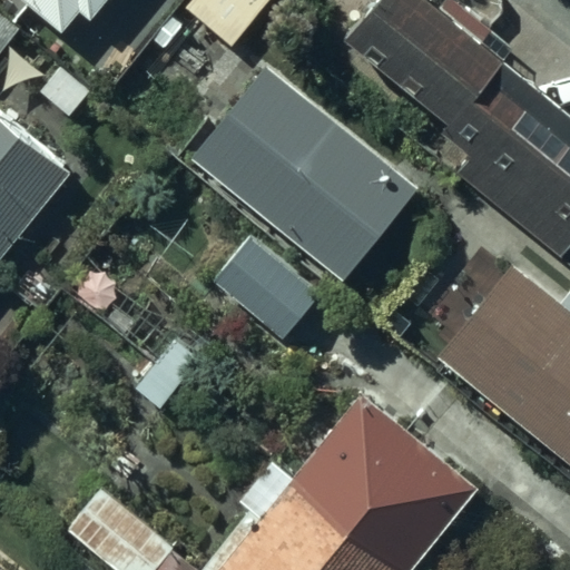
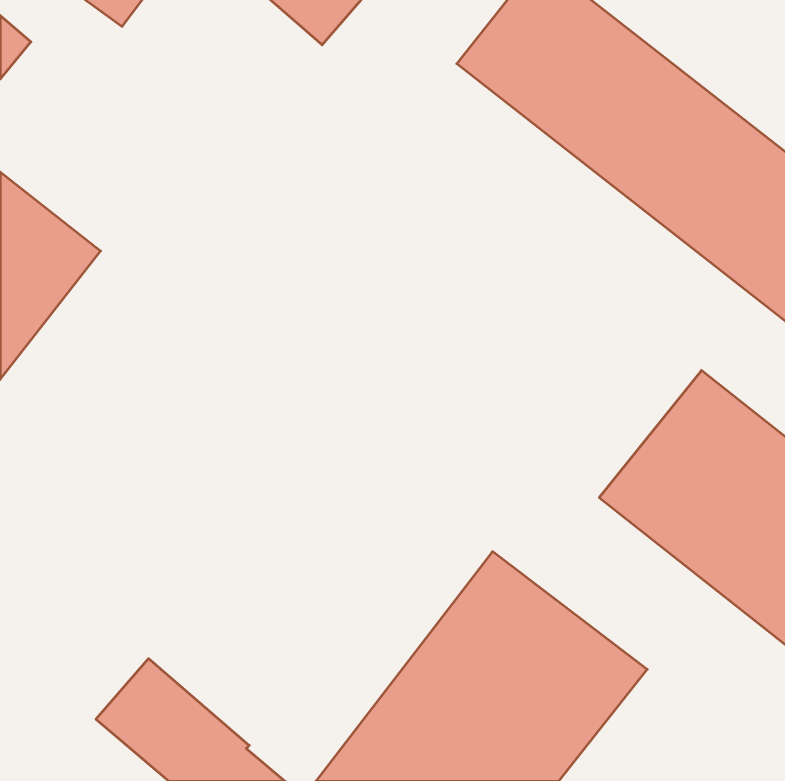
building: [193,71,414,282] -> none
building: [203,240,322,354] -> none

